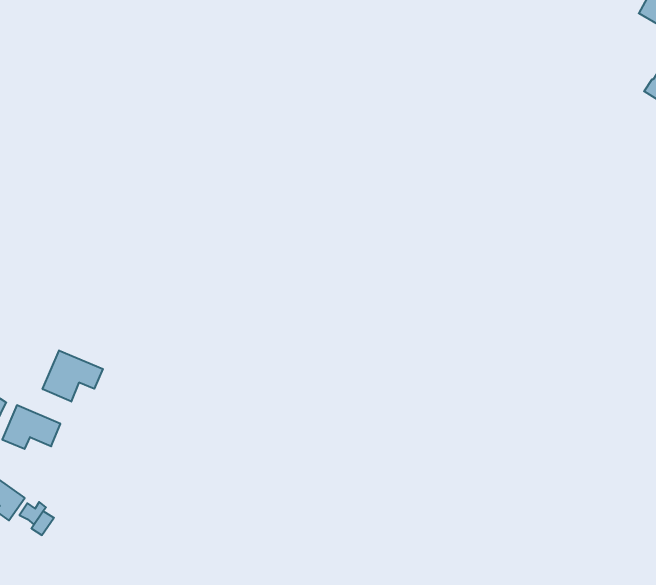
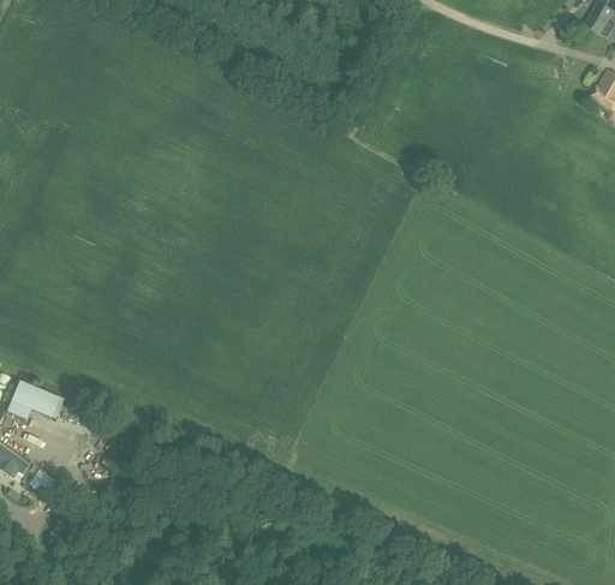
building: [43,350,103,402] -> none

